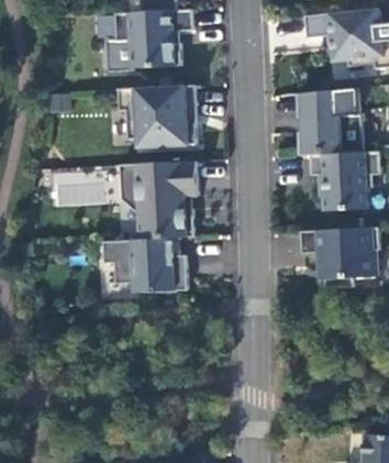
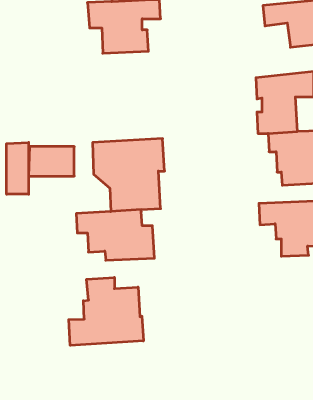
building: [119,85,197,147] -> none
building: none -> [7,142,29,194]
building: none -> [69,277,143,345]

